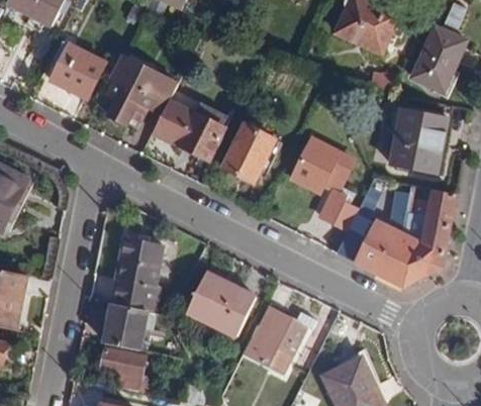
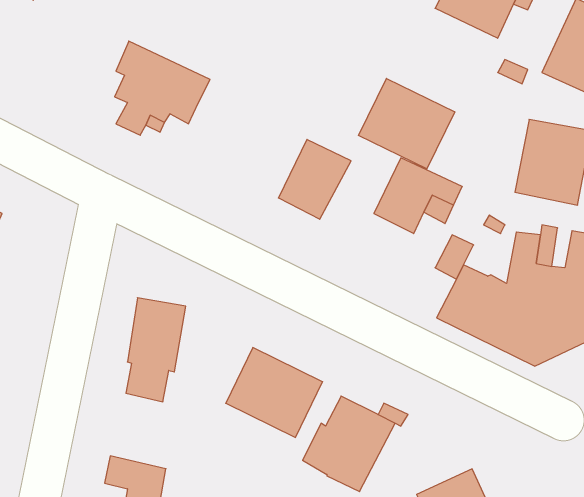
building: [51,43,104,98] -> none
building: none -> [359,78,455,169]
building: [153,99,225,159] -> none
building: [104,304,147,349] -> none

